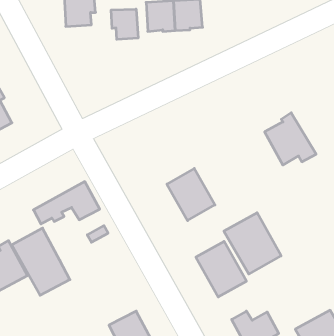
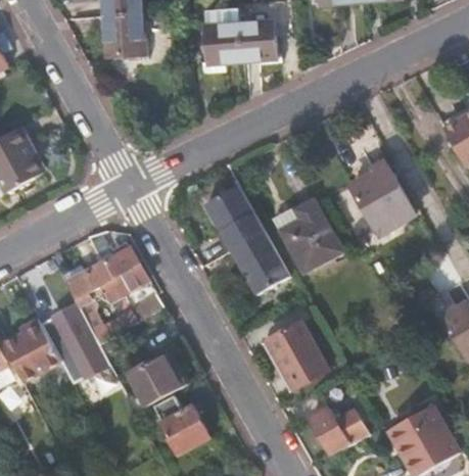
building: [111,9,138,39] -> none
building: none -> [204,184,264,249]
building: [224,213,281,274] -> [271,196,341,272]
building: none -> [124,351,185,408]

